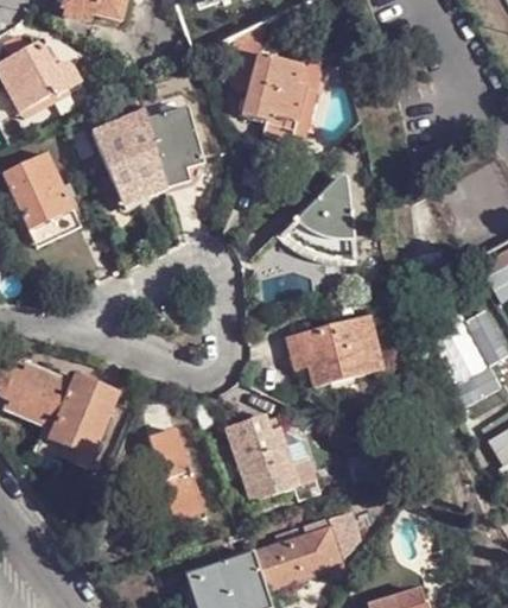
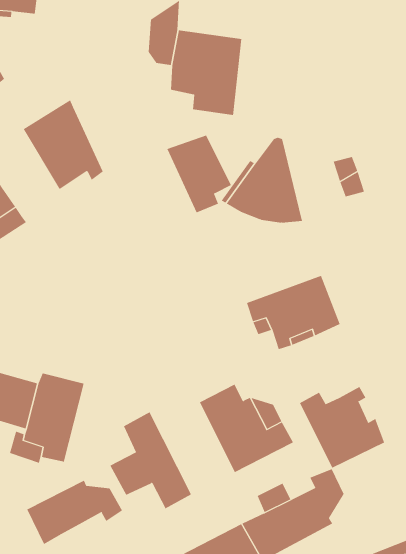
building: [146,108,205,184] -> [166,135,232,213]
building: none -> [299,386,385,468]
building: none -> [26,480,123,545]

